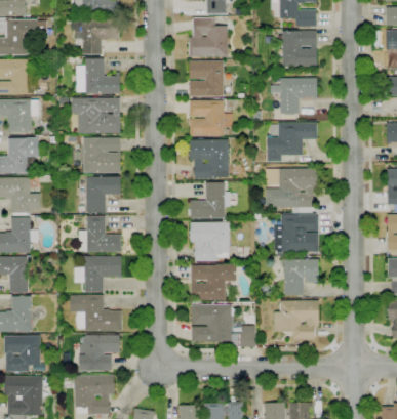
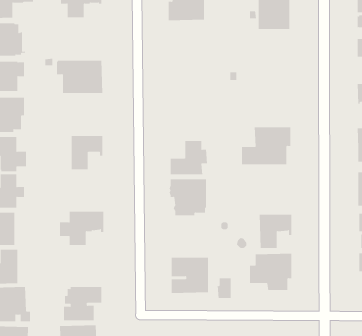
building: [77,58,120,94] -> none
building: [190,60,224,96] -> none
building: [273,78,318,115] -> none
building: [190,100,233,136] -> none
building: [267,123,318,161] -> none
building: [73,137,121,173] -> none
building: [191,139,229,179] -> none
building: [79,216,121,252] -> none
building: [274,216,319,253] -> none
building: [191,264,237,300] -> none
building: [71,295,122,331] -> none

